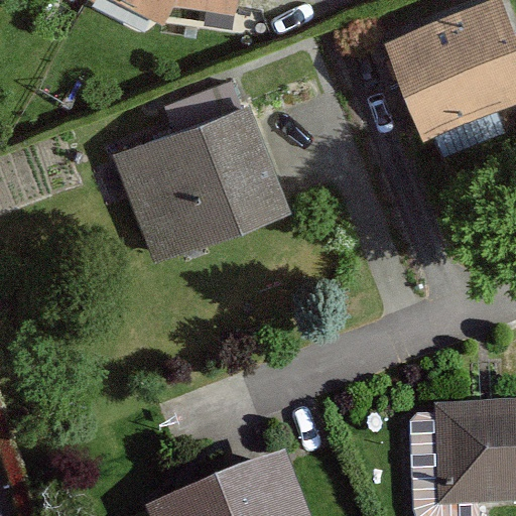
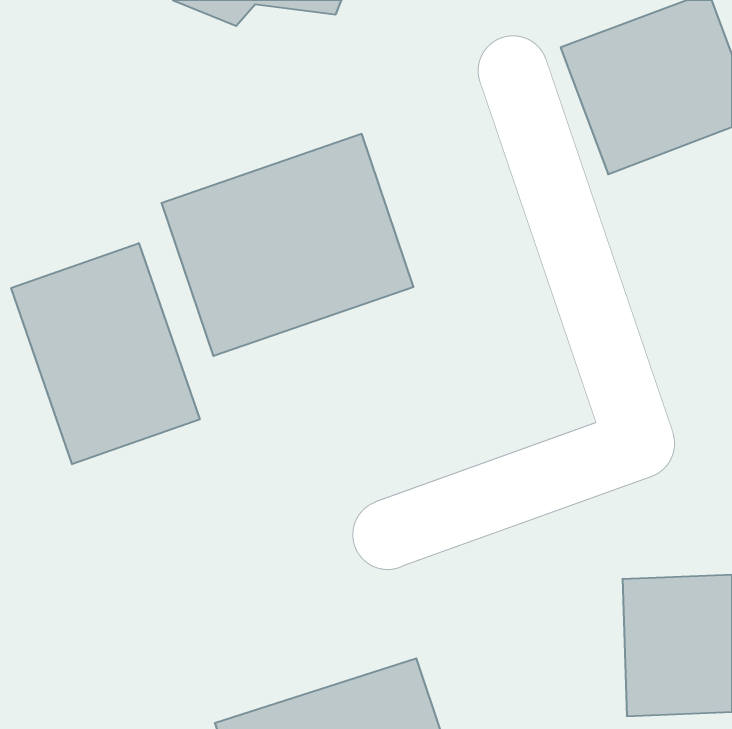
building: none -> [11,243,200,464]

